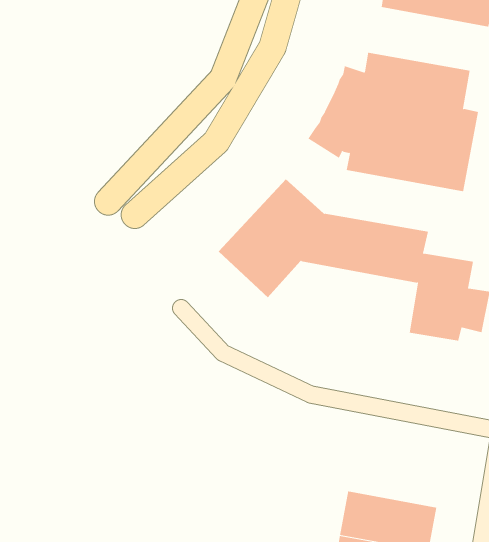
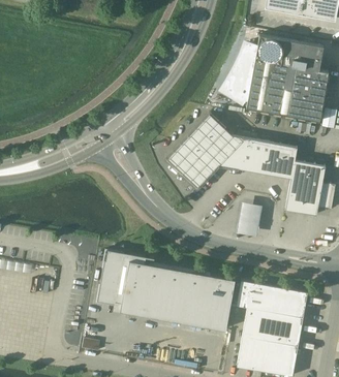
building: none -> [239,205,266,241]
building: none -> [96,250,235,331]
building: none -> [237,281,307,318]

